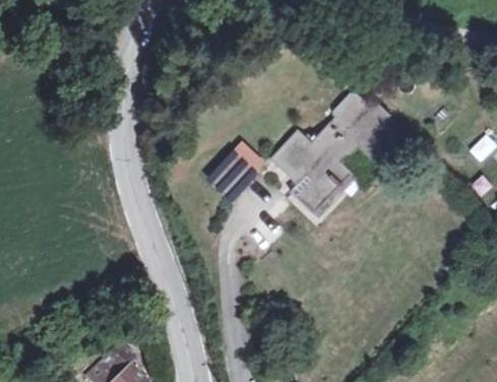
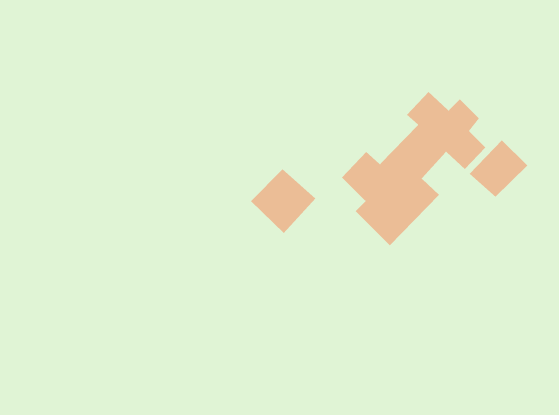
building: none -> [469,139,528,198]

